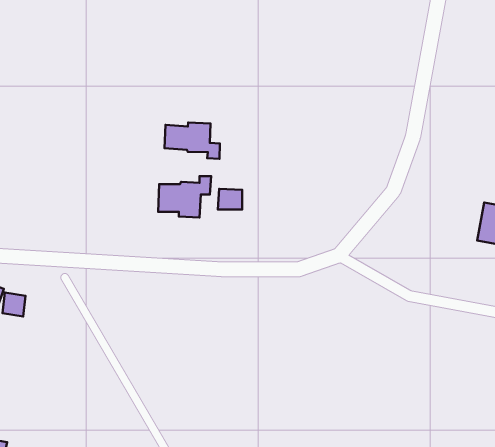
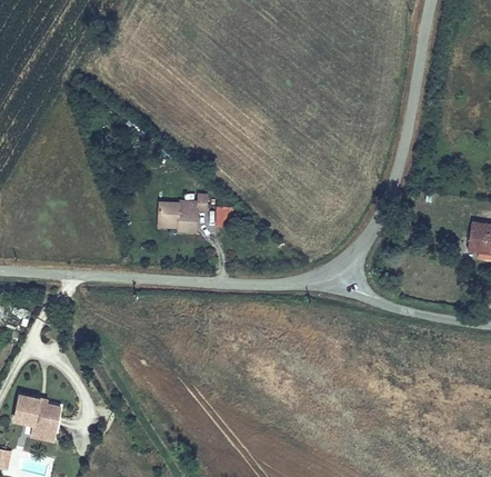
building: [164,123,220,159] -> none
building: none -> [12,392,62,443]

